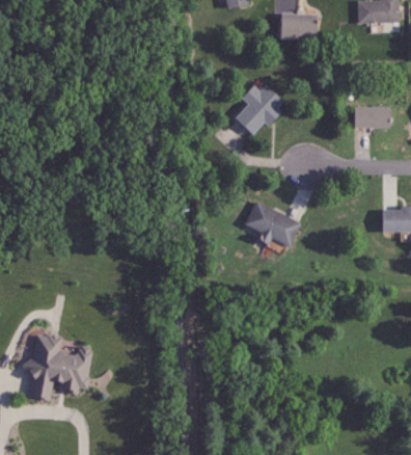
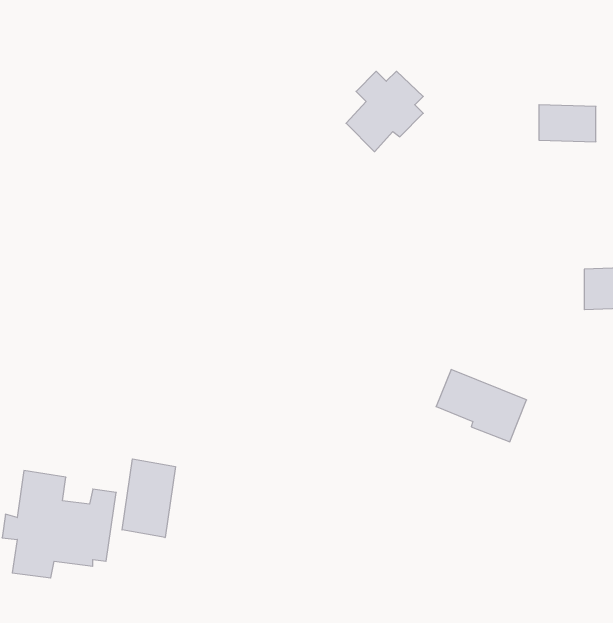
building: [244,202,300,246] -> [436,370,527,442]
building: none -> [122,459,175,538]

